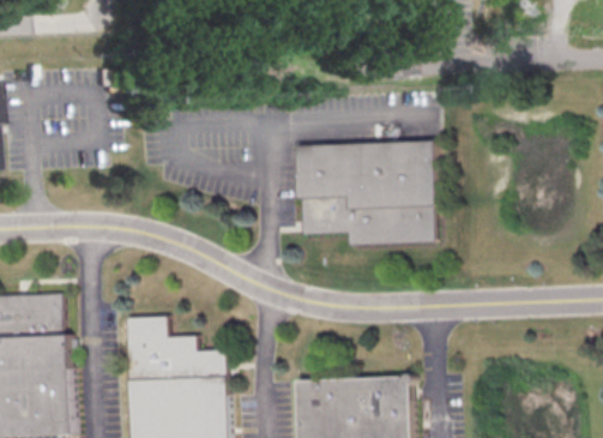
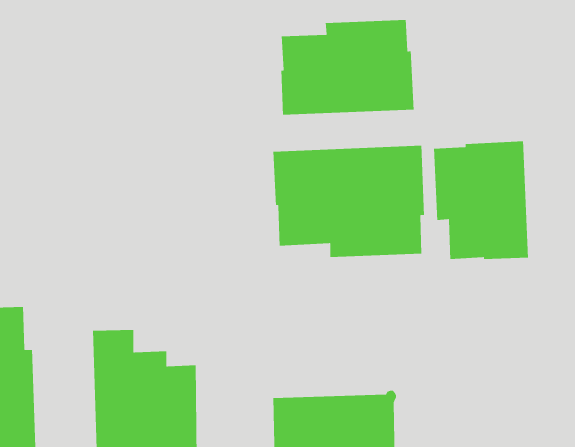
building: none -> [281,19,415,116]
building: none -> [433,141,529,260]

